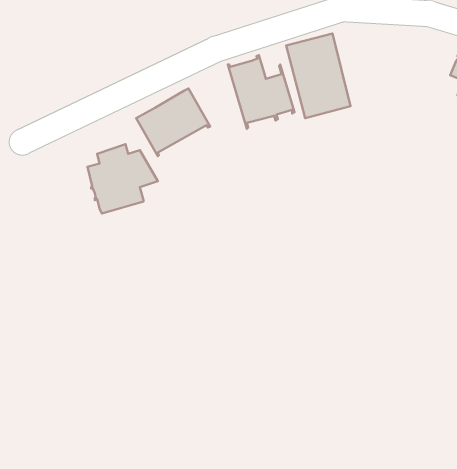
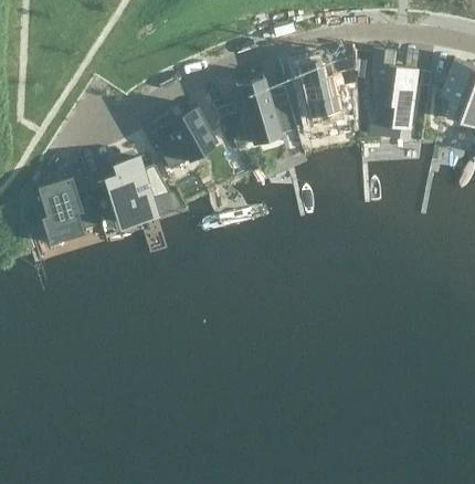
building: none -> [370,49,418,140]
building: none -> [36,177,102,244]

